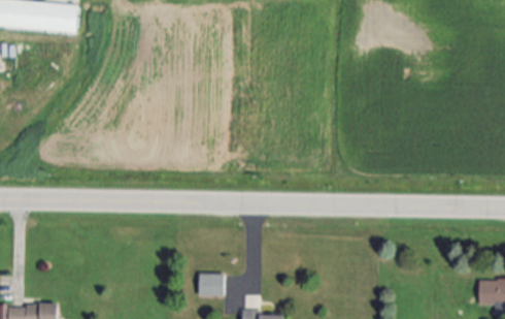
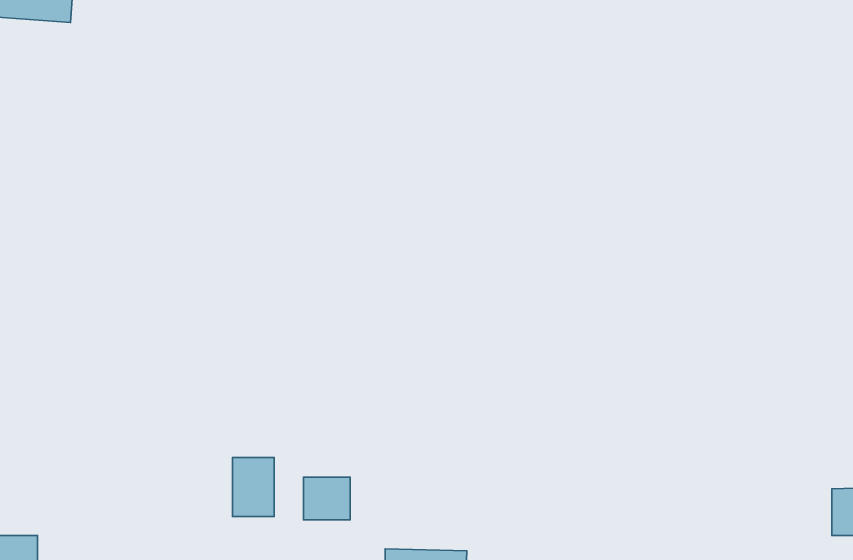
building: none -> [233,457,274,517]

